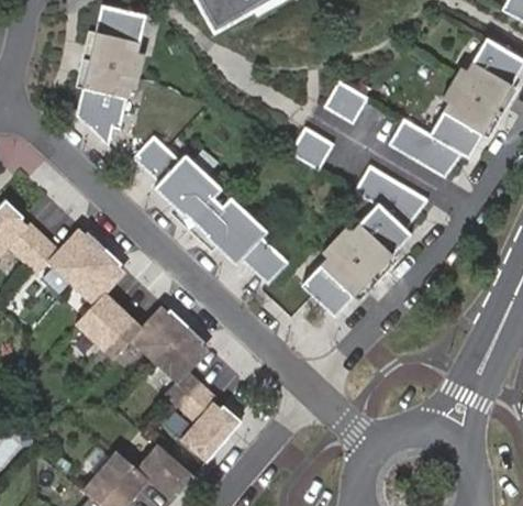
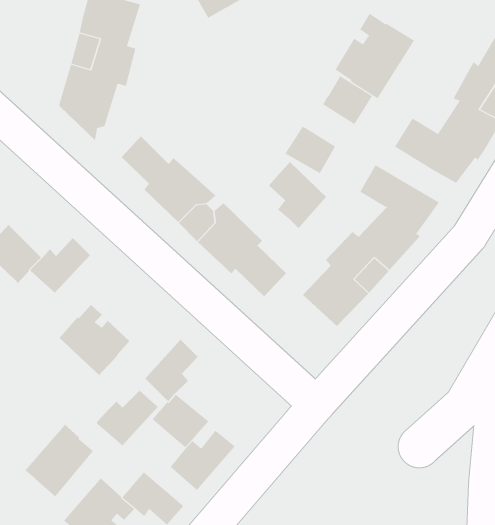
building: none -> [335,13,415,99]
building: none -> [268,161,327,229]
building: [74,248,123,305] -> none
building: [132,309,189,361] -> [96,390,158,446]
building: none -> [25,424,94,497]

